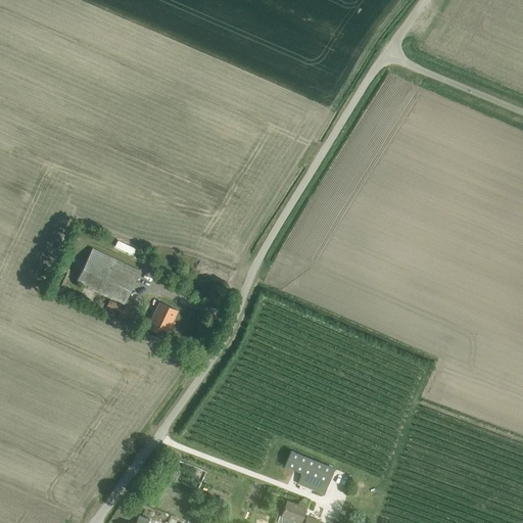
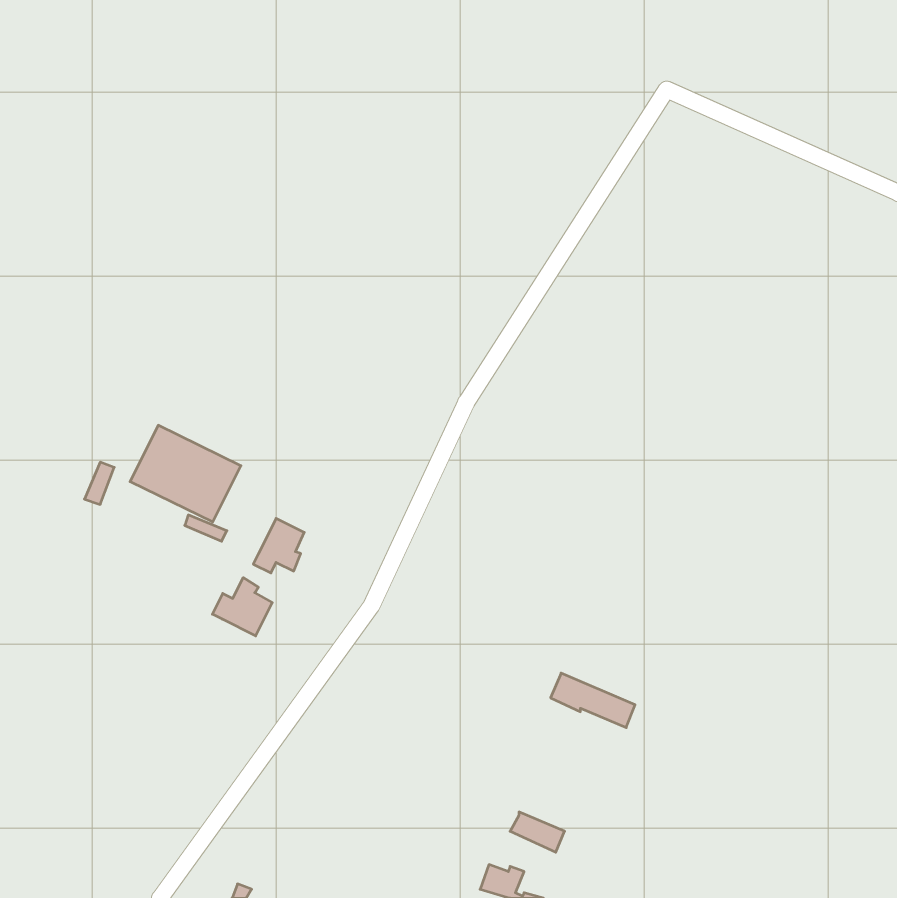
building: none -> [212,578,272,636]
building: [285,451,334,483] -> [551,673,635,728]

